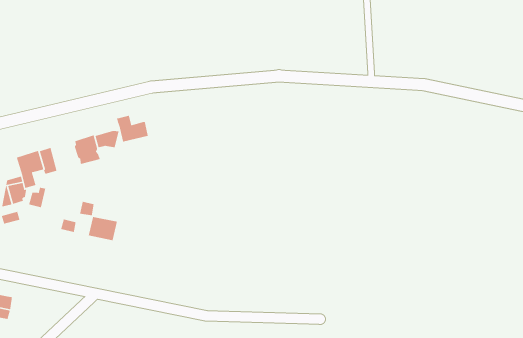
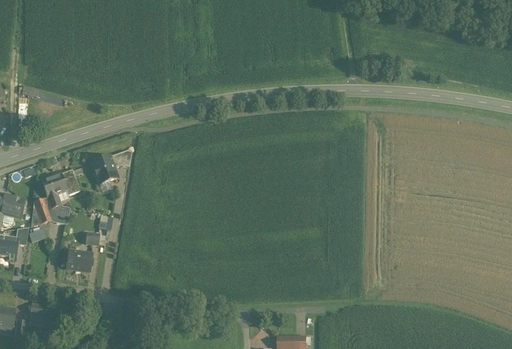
building: [116,115,149,142] -> none
building: [88,216,118,241] -> [66,250,92,271]

